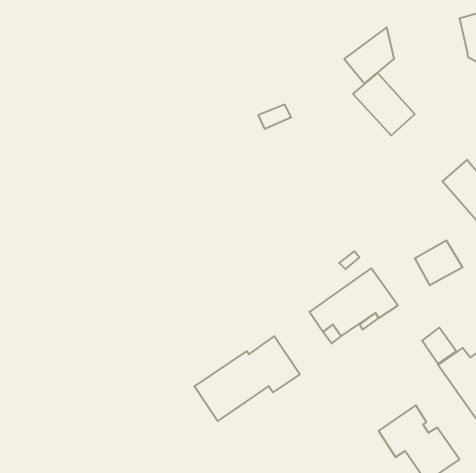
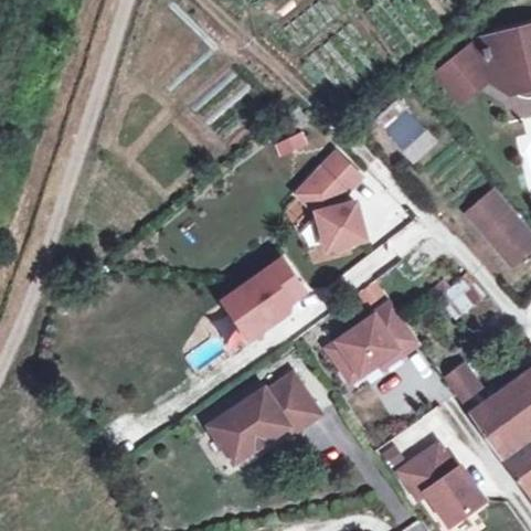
building: [344,27,394,83] -> [439,43,491,102]
building: none -> [291,148,371,261]
building: none -> [224,262,304,340]

